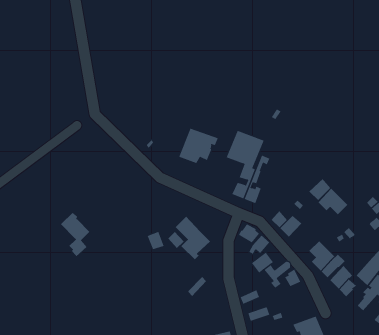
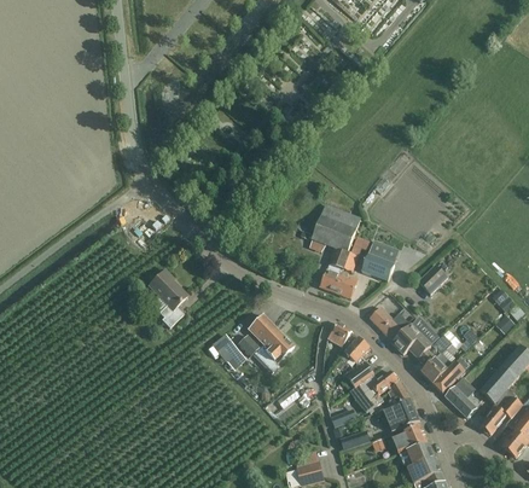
building: [179,128,219,164] -> none
building: none -> [362,239,400,281]
building: [317,188,348,215] -> [393,324,432,359]
building: [60,212,90,257] -> [149,269,187,327]
building: none -> [383,399,419,430]
building: none -> [391,425,429,453]

